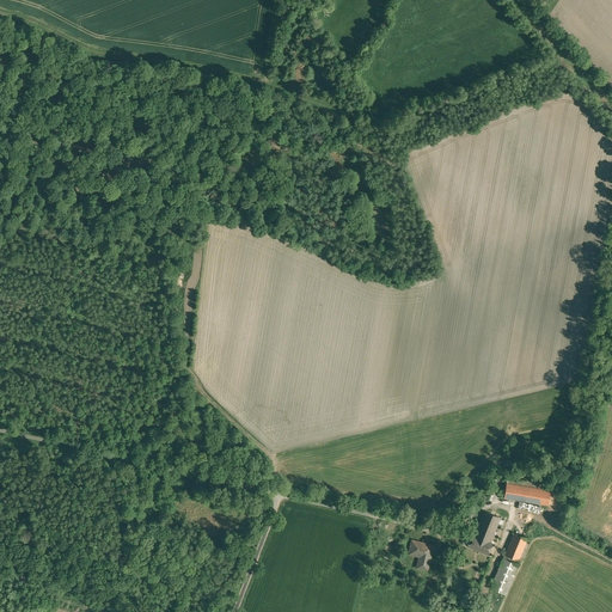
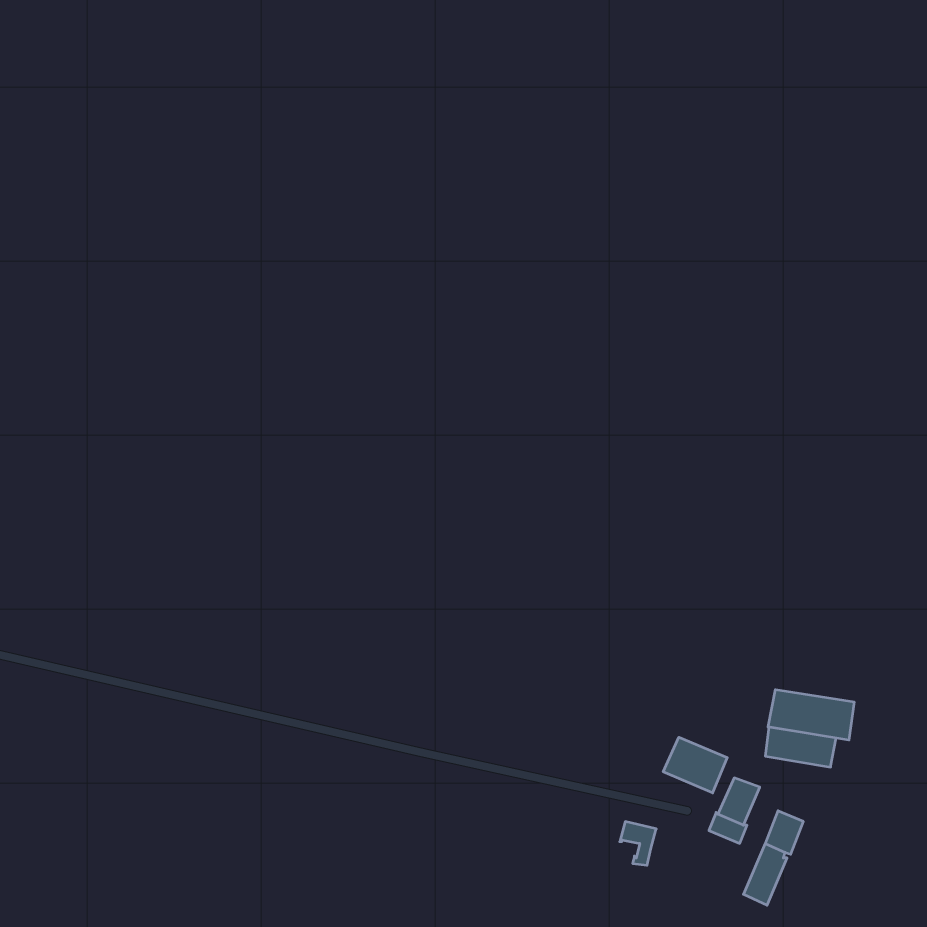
building: none -> [768,690,854,740]
building: none -> [663,737,727,793]

